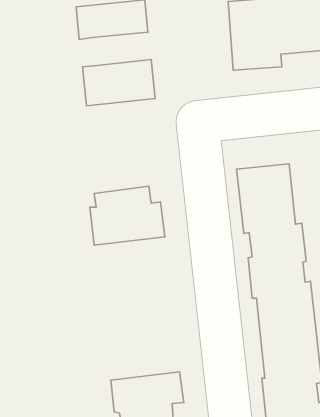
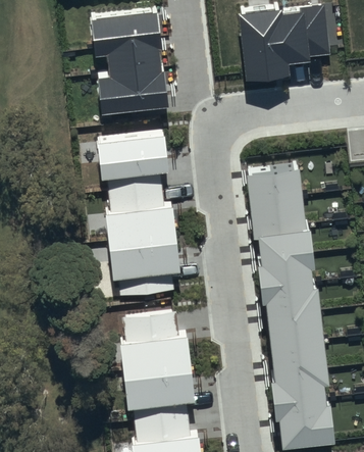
building: none -> [107,42,164,74]
building: none -> [97,135,167,198]
building: none -> [109,240,181,298]
building: none -> [120,314,192,379]

